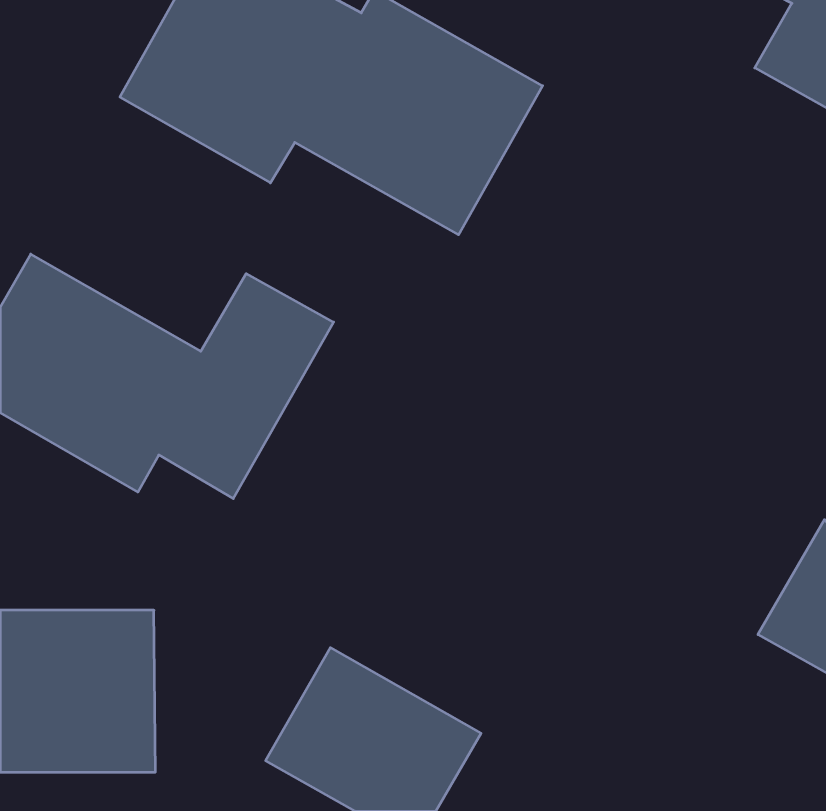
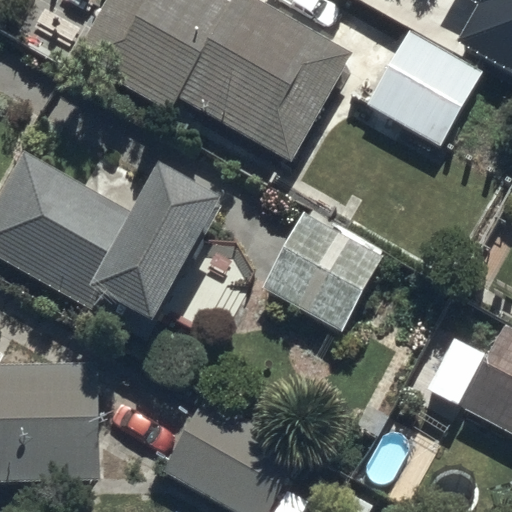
building: none -> [373,41,473,141]
building: none -> [269,216,380,326]

